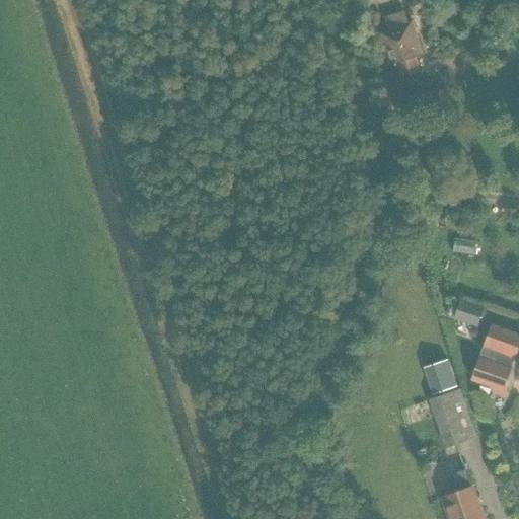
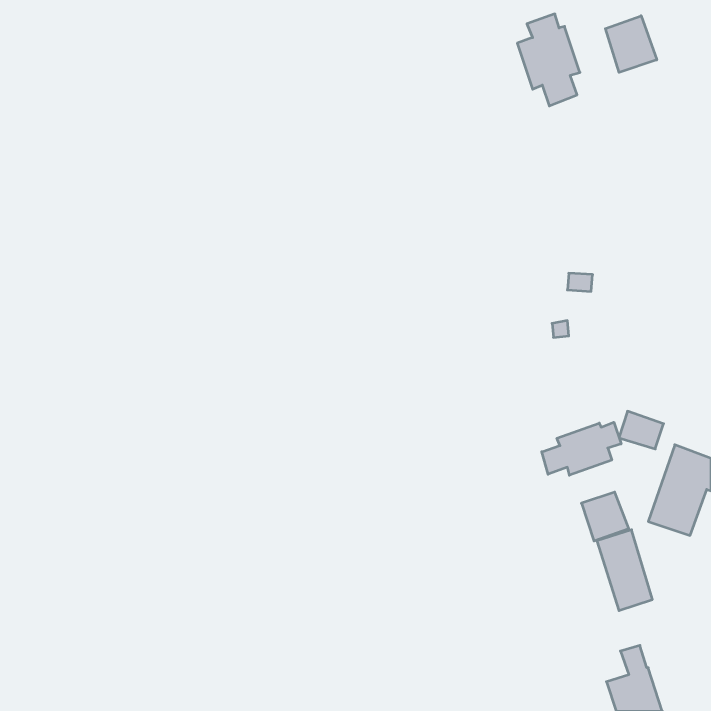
building: none -> [605,16,657,72]
building: none -> [542,422,621,475]

